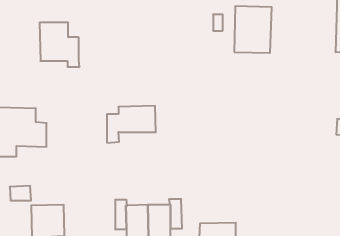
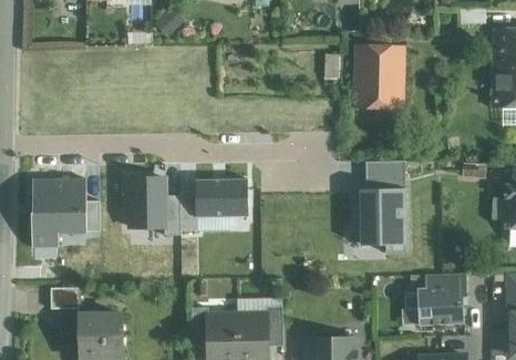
building: [40,23,80,67] -> [127,178,182,238]
building: none -> [360,160,405,251]
building: none -> [416,272,466,325]

